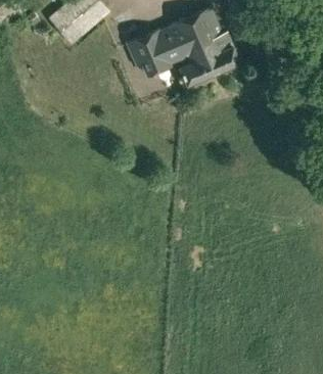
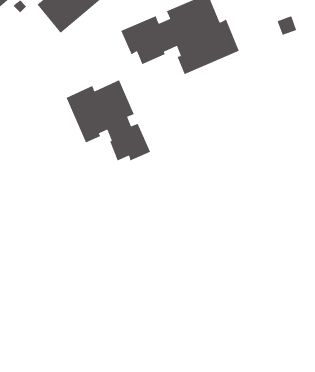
building: none -> [66,79,151,162]

